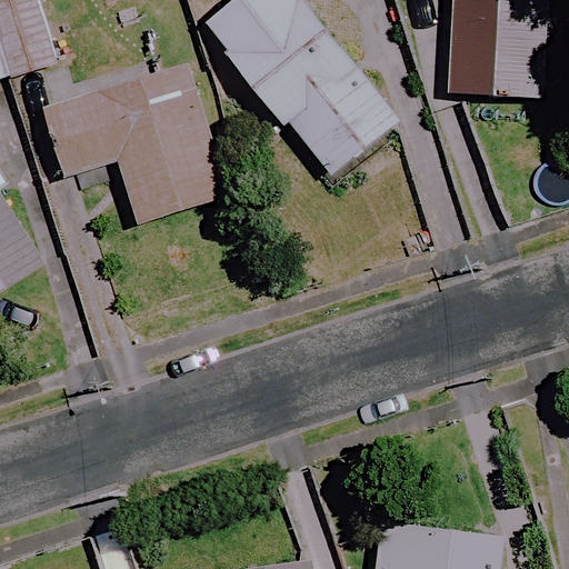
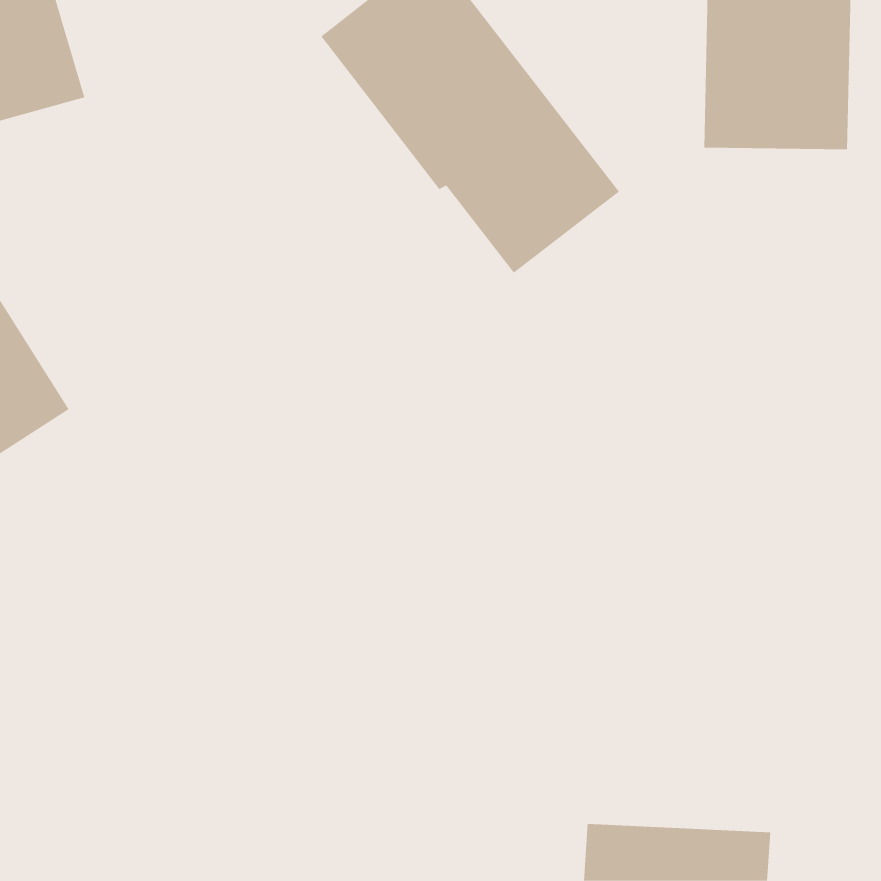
building: [44,62,226,223] -> none

